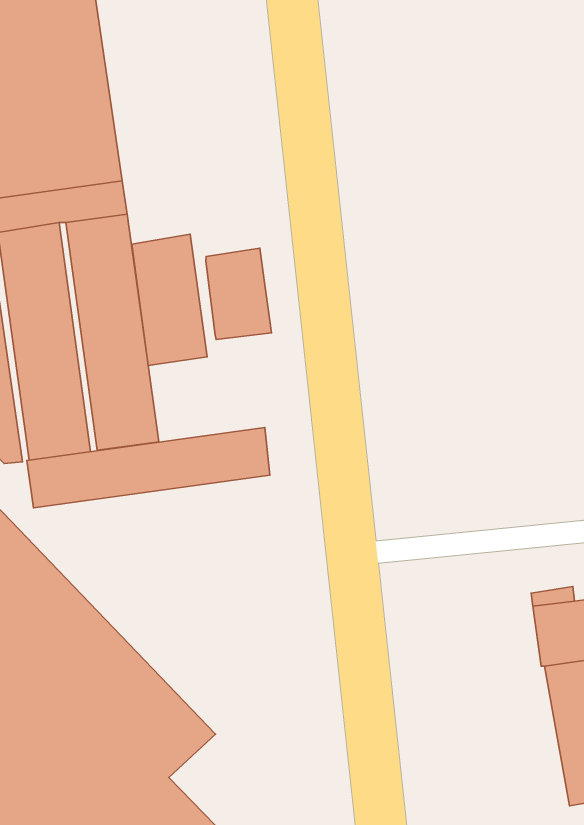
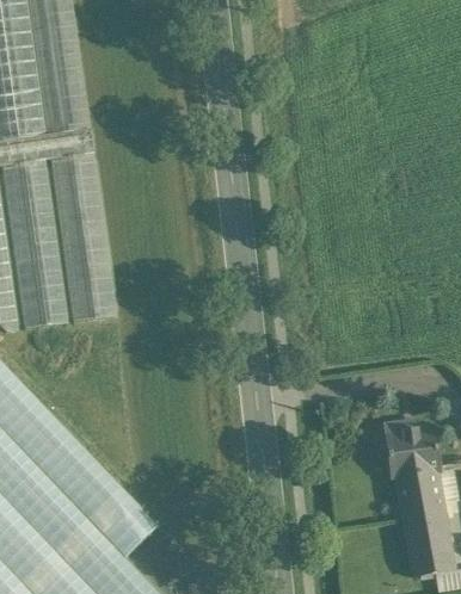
building: [132,234,207,365] -> none
building: [206,248,272,339] -> none
building: [27,428,270,508] -> none

